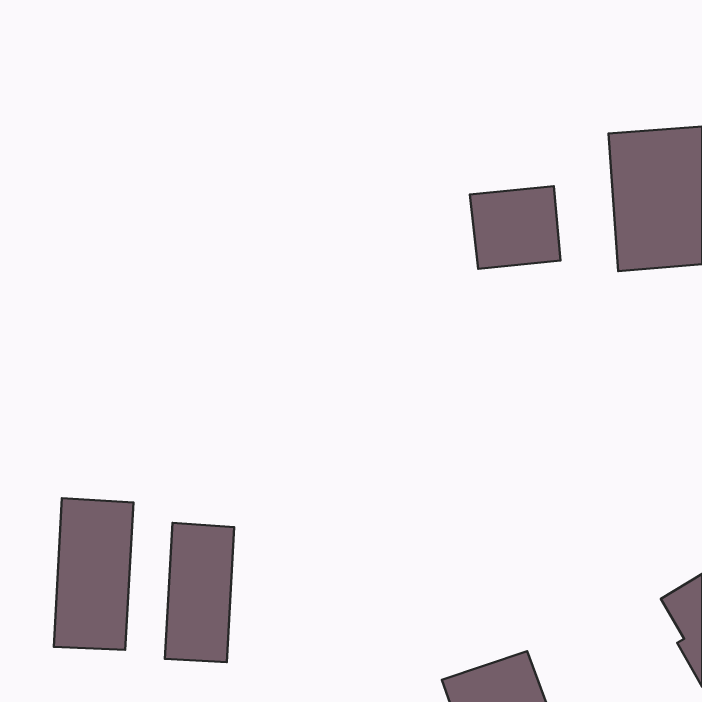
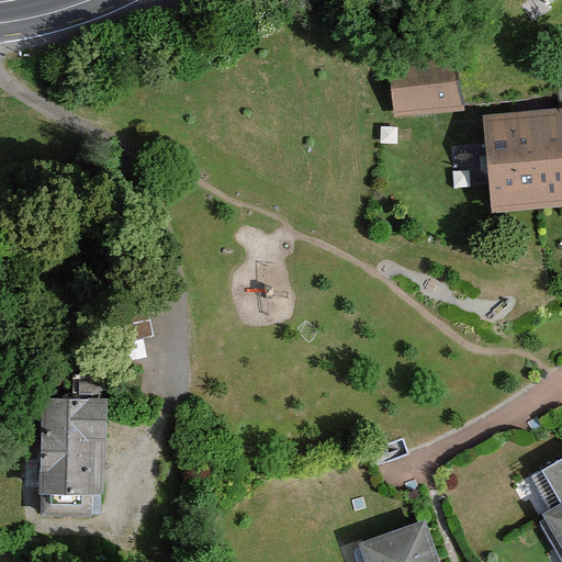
building: [470,186,561,269] -> [387,49,460,115]
building: [165,523,234,662] -> none

